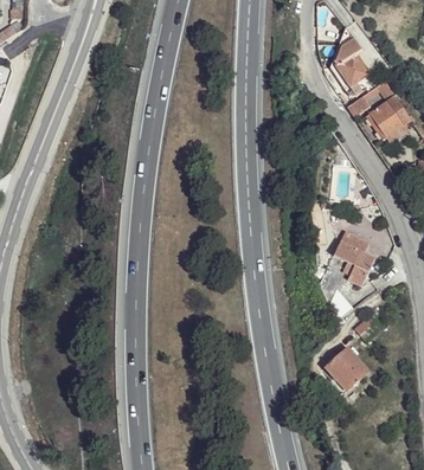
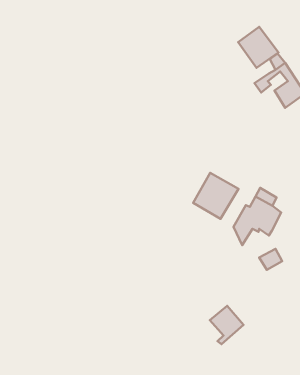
building: none -> [193,173,238,219]
building: [327,348,368,395] -> [210,306,243,344]

